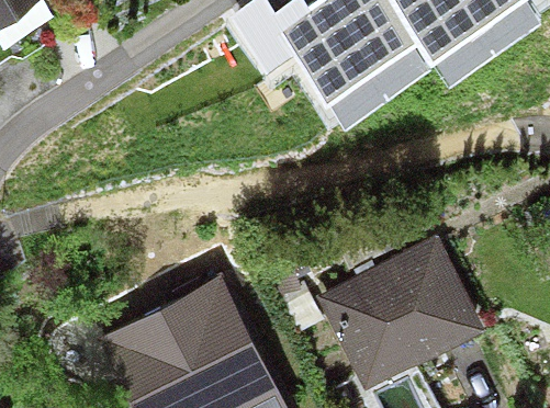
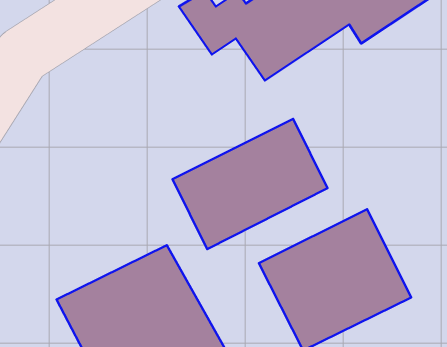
building: none -> [172,119,327,249]

